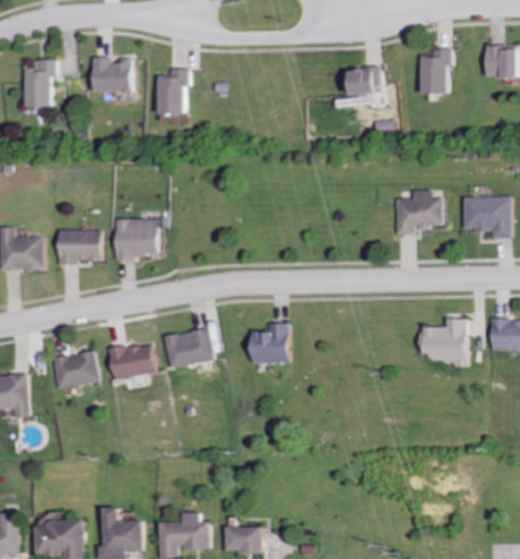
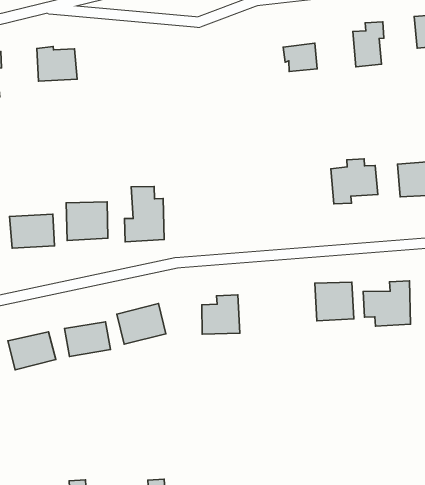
building: [160,69,192,115] -> none
building: none -> [125,186,164,242]
building: none -> [315,282,354,321]

